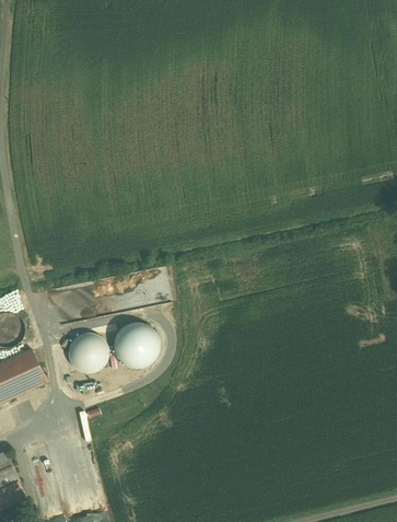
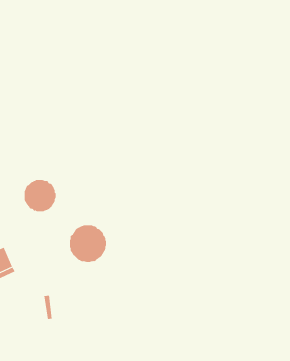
building: [67,332,107,372] -> [24,179,56,212]

